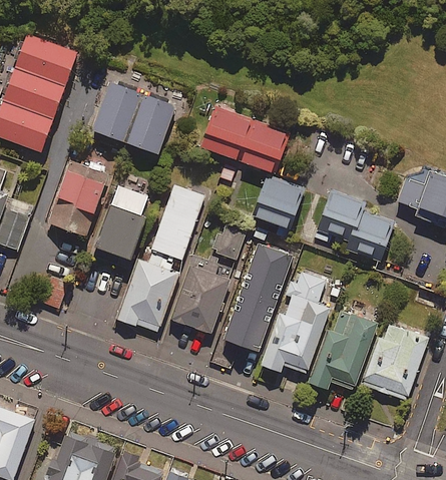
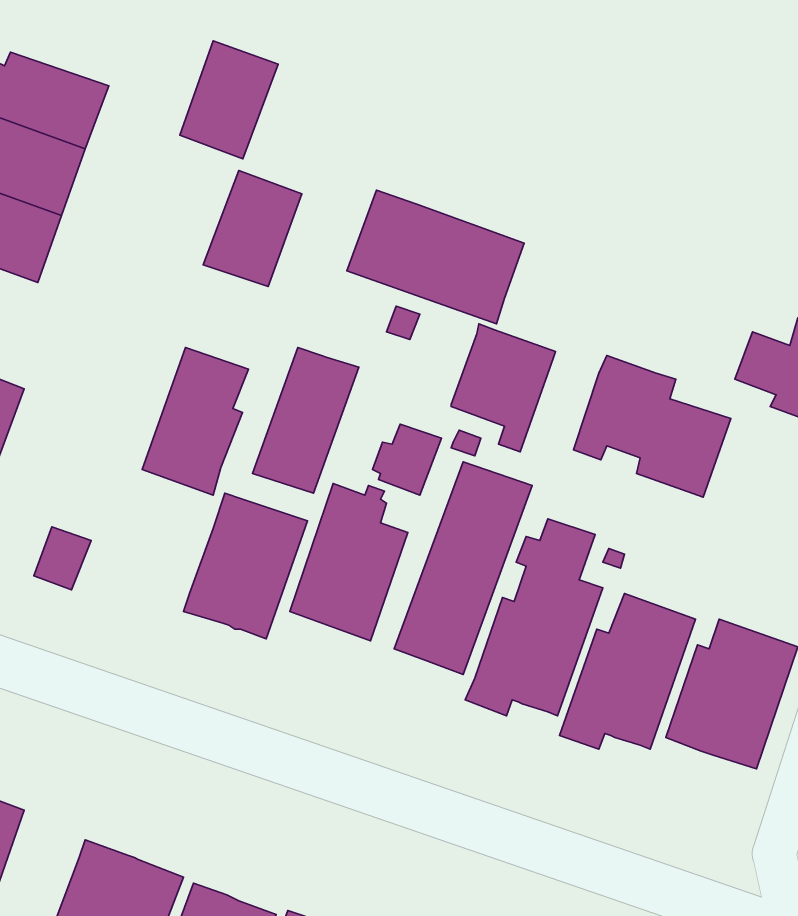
building: [93,83,143,143] -> [180,41,278,159]
building: [48,162,108,237] -> none

